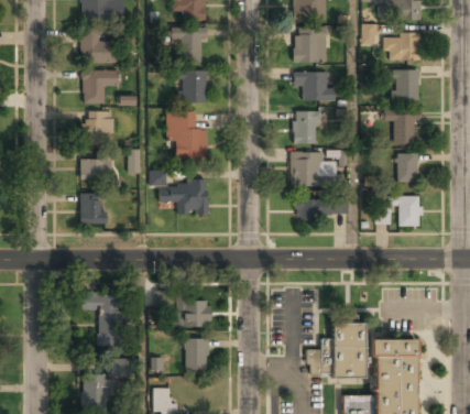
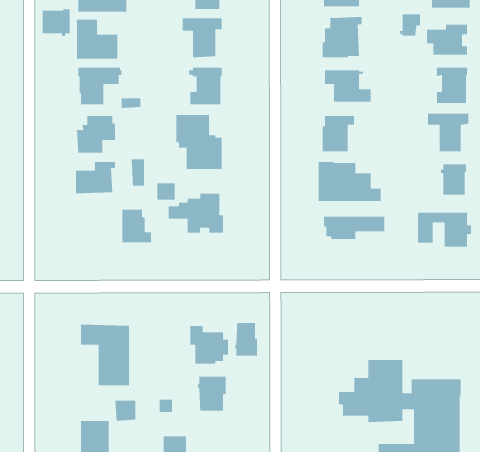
building: none -> [42,8,70,37]
building: [79,193,106,222] -> [121,209,152,243]
building: none -> [234,322,258,356]

